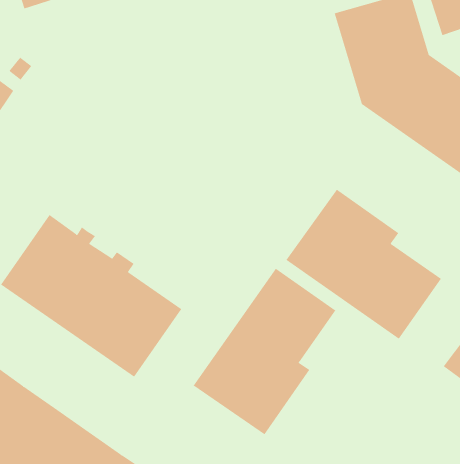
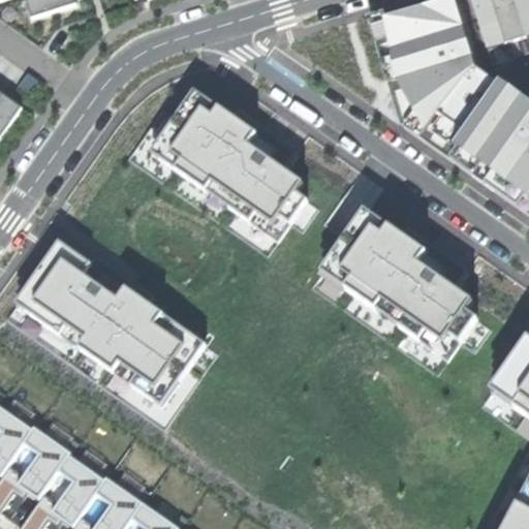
building: none -> [128,88,318,254]
building: [193,268,336,435] -> none

